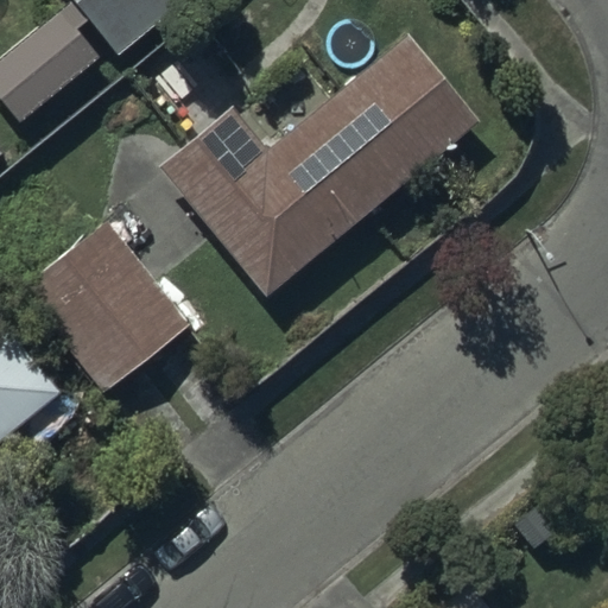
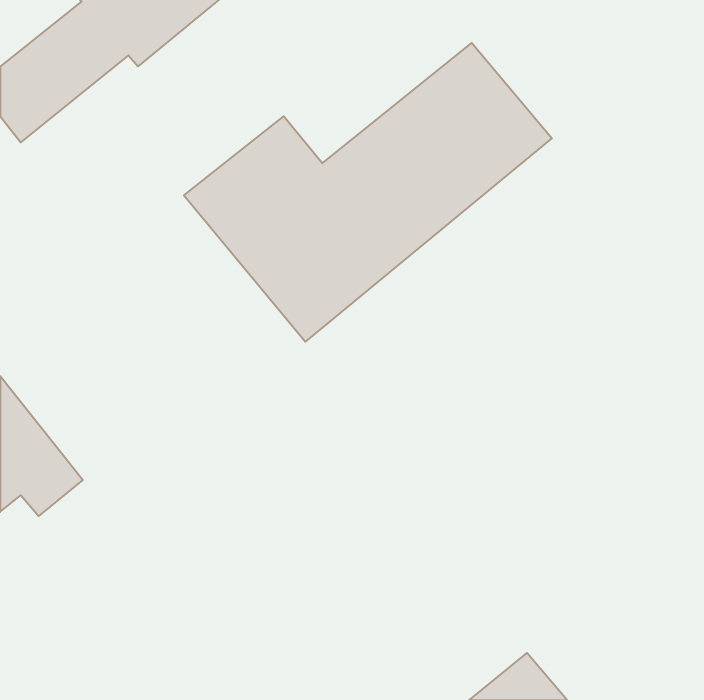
building: [21,221,189,392] -> none

